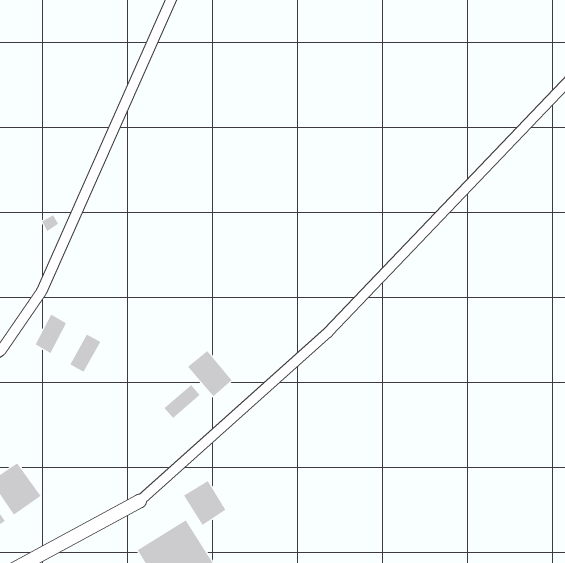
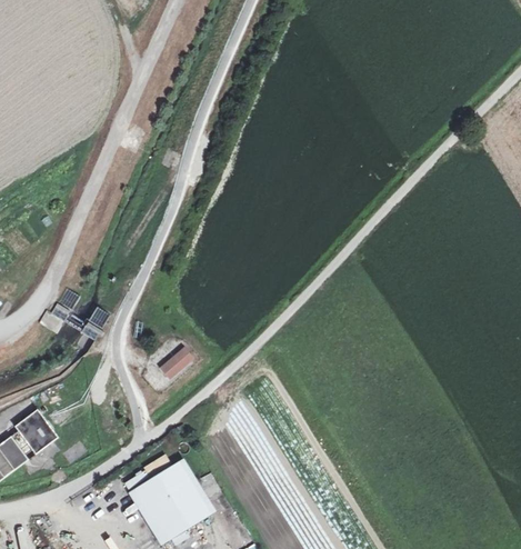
building: [187,350,232,397] -> none
building: [183,480,226,526] -> none

